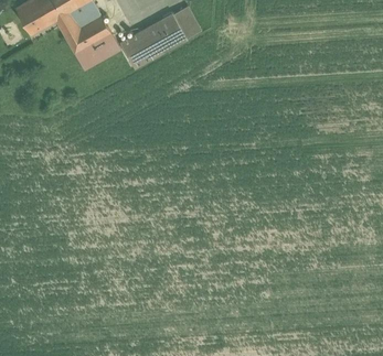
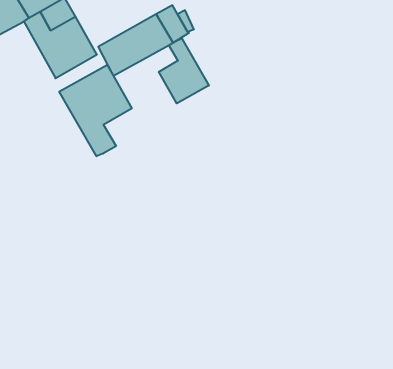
building: none -> [159,38,209,103]
building: none -> [59,65,132,156]

